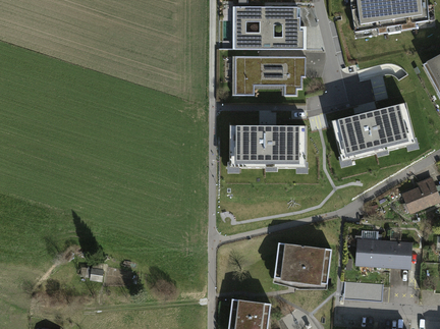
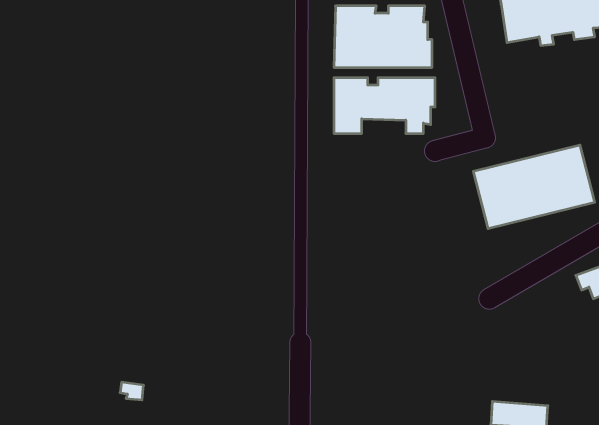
building: [229,125,306,167] -> none
building: [356,229,410,268] -> none
building: [274,242,331,284] -> none

